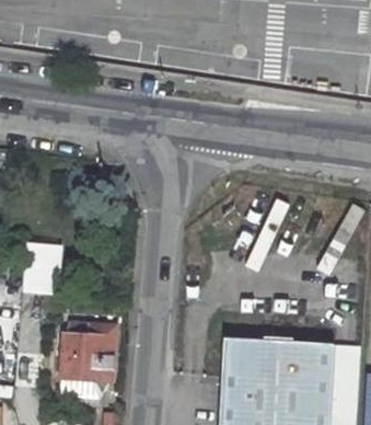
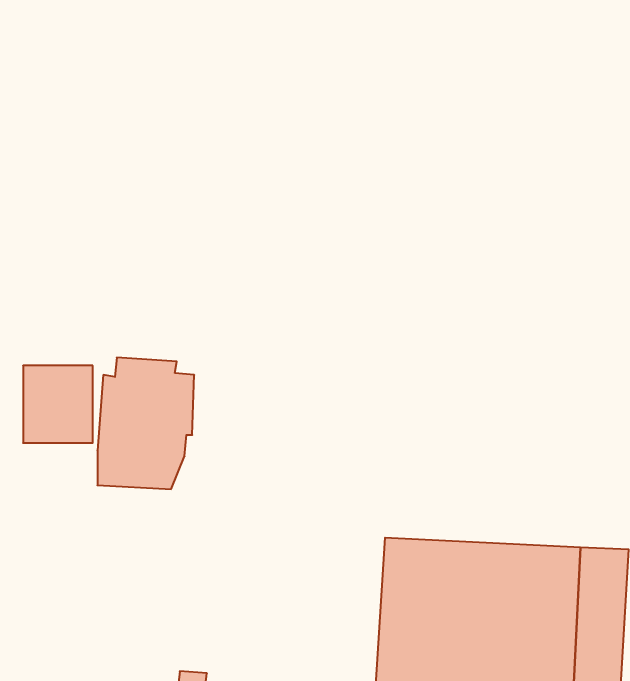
building: [60,323,115,398] -> [97,358,194,489]

